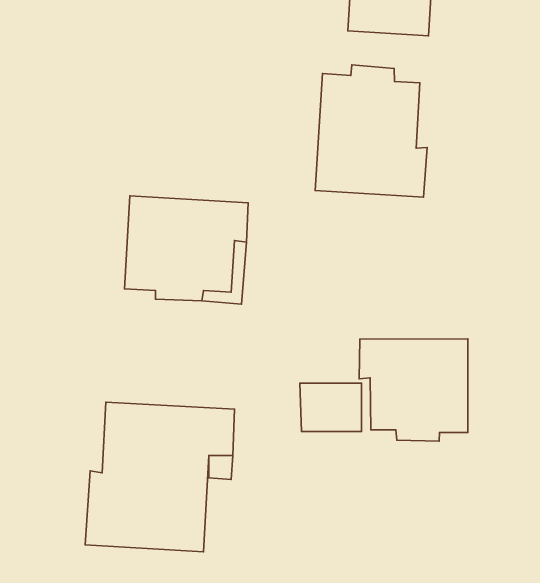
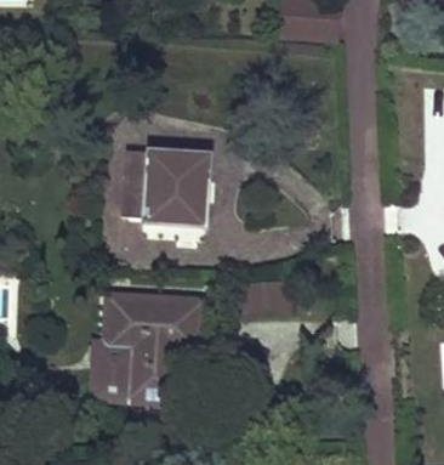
building: [315,65,427,197] -> none
building: [359,339,468,441] -> none

